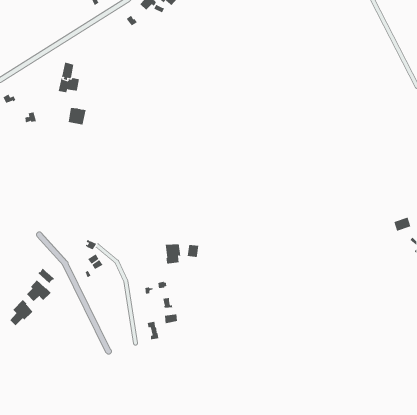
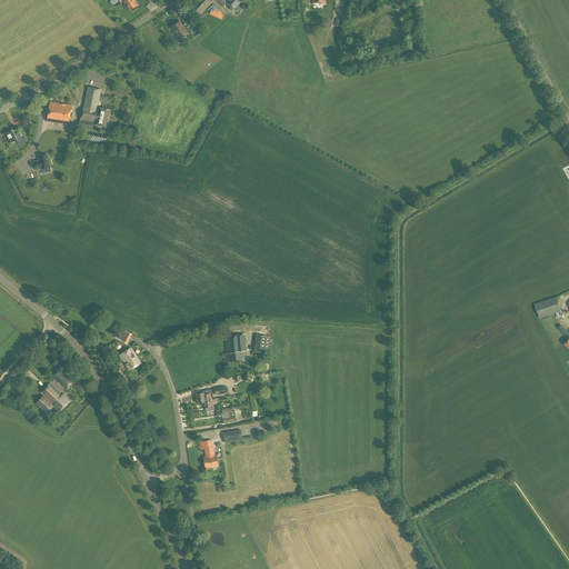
building: [68,107,86,125] -> [47,100,72,124]
building: [9,299,33,326] -> none

